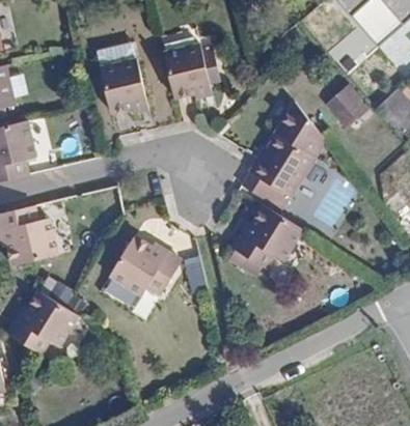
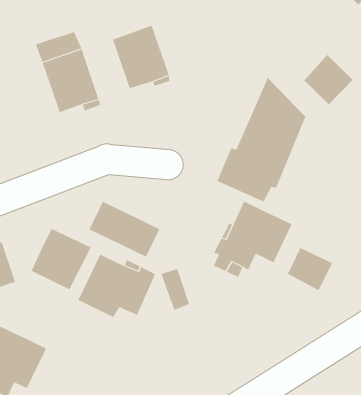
building: none -> [88,201,160,257]
building: none -> [31,228,91,290]
building: none -> [287,247,333,291]

